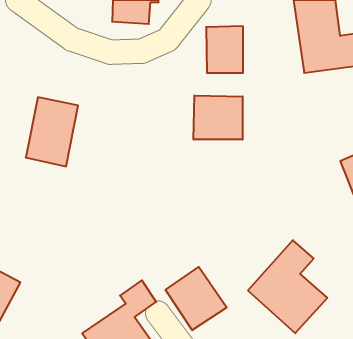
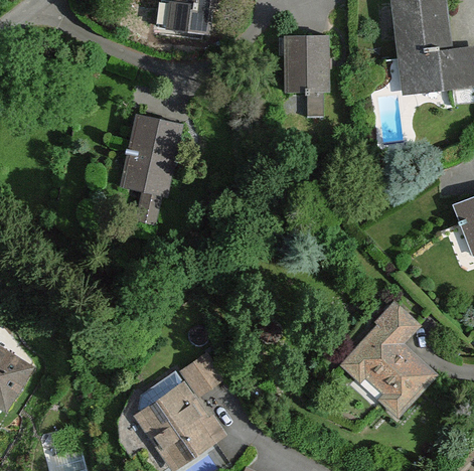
building: [194,95,243,140] -> none
building: [26,97,78,166] -> [121,113,186,199]
building: [166,267,227,330] -> none

